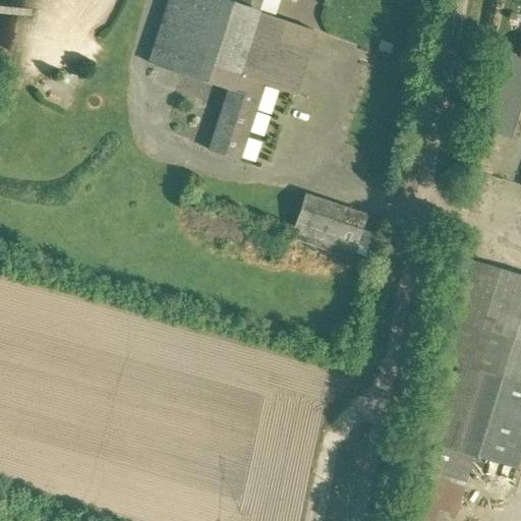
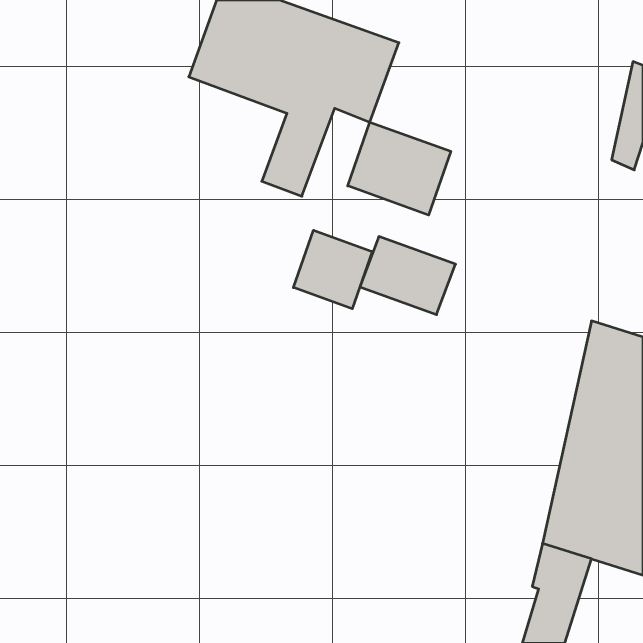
building: none -> [348,122,451,215]
building: none -> [293,230,372,309]

